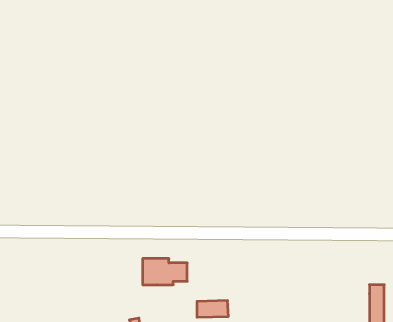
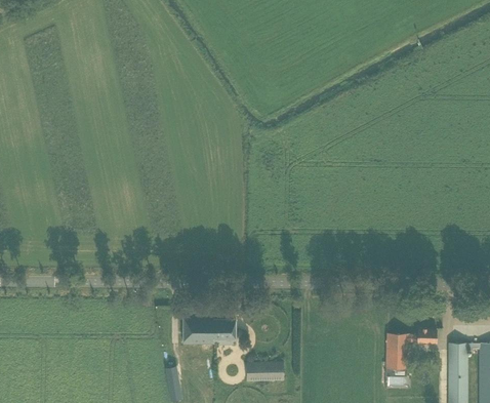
building: none -> [385,329,437,370]

